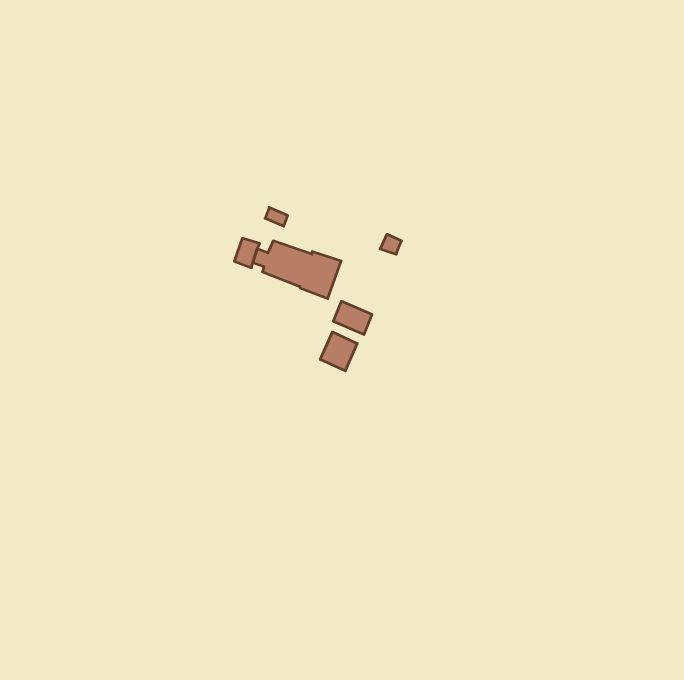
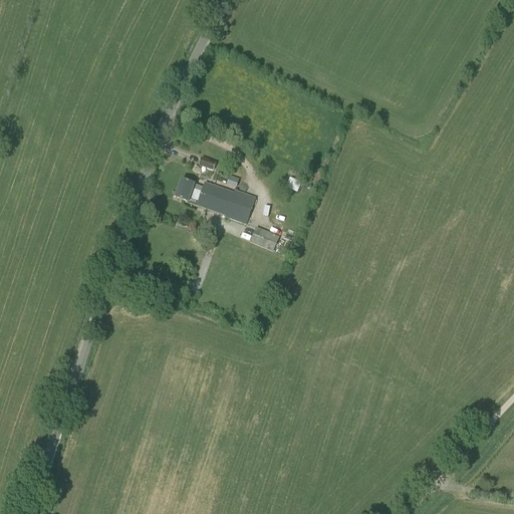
building: [320,332,357,371] -> none

